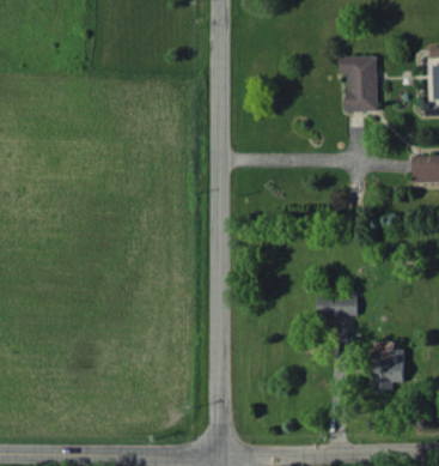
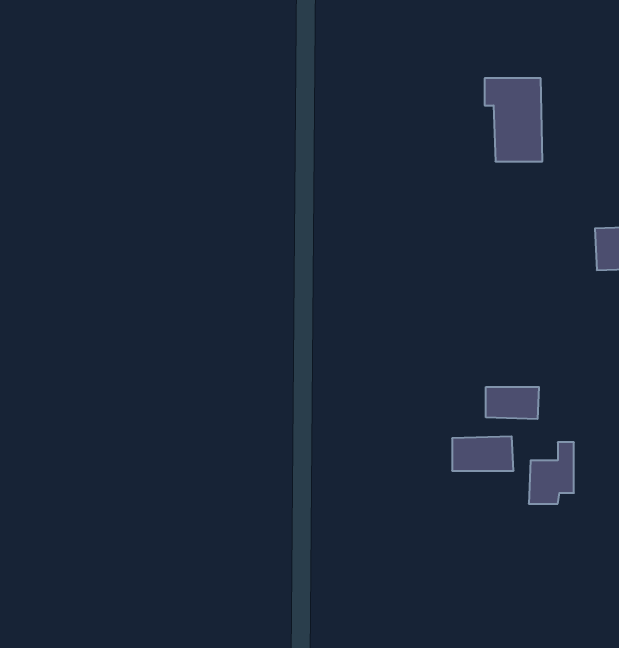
building: none -> [486,387,539,419]
building: [373,349,403,389] -> [529,442,574,504]

